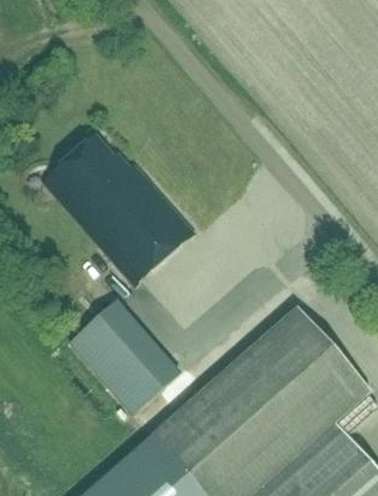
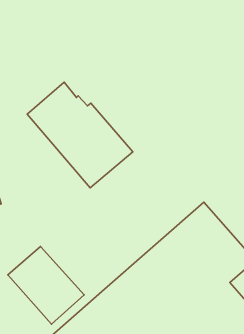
building: [72,302,181,413] -> [8,246,84,324]

